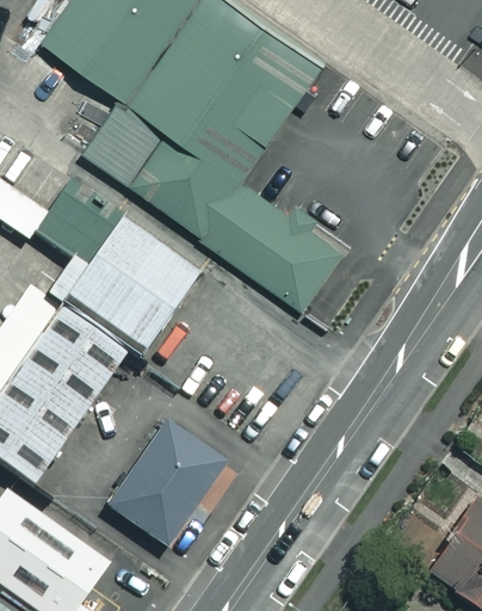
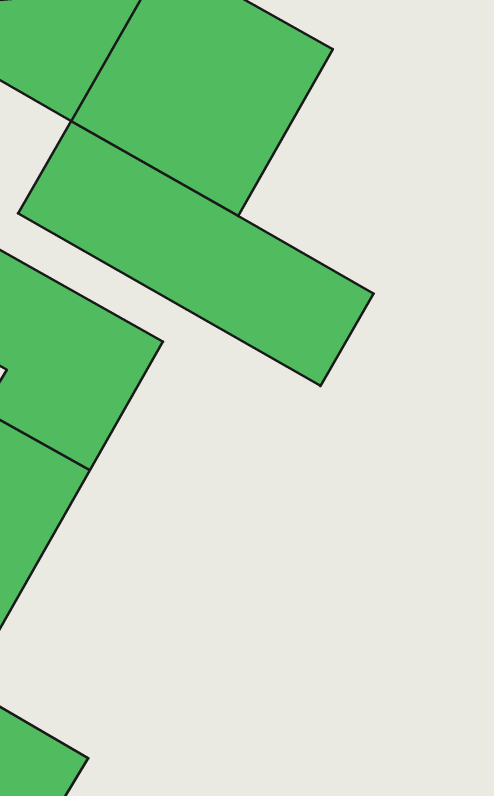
building: [100,416,224,549] -> none

